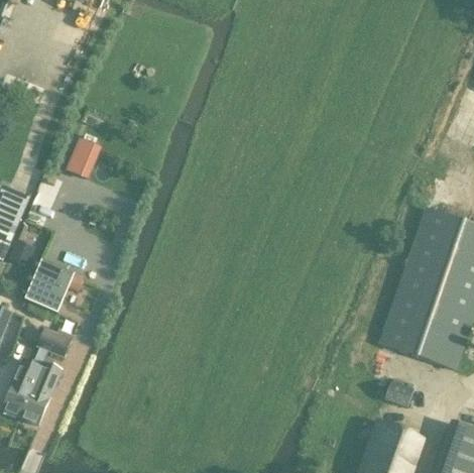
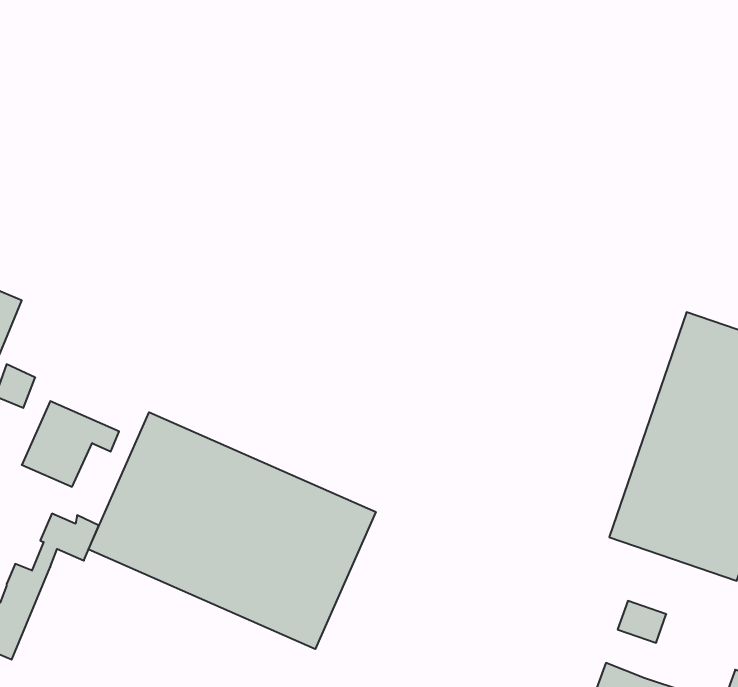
building: [66,137,101,180] -> none
building: none -> [89,412,376,649]
building: [21,361,64,425] -> none

